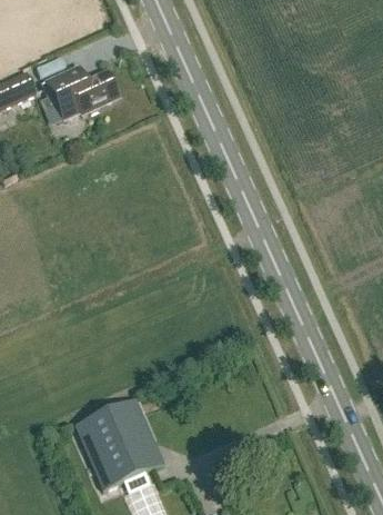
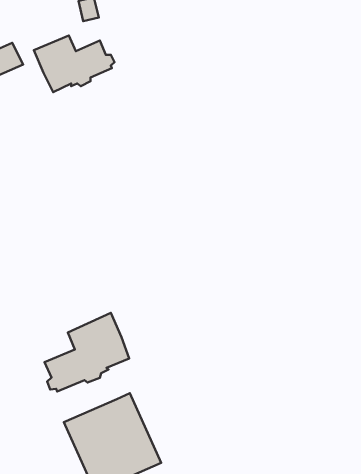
building: none -> [45,313,129,392]

